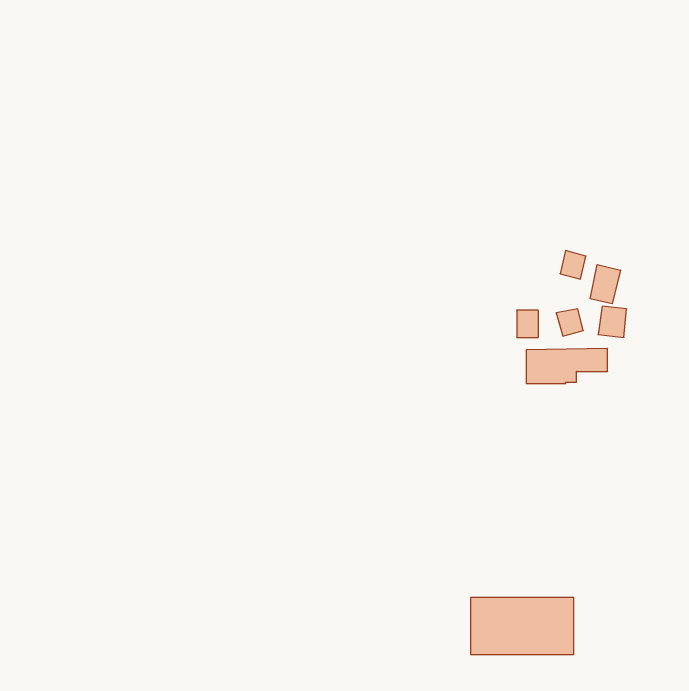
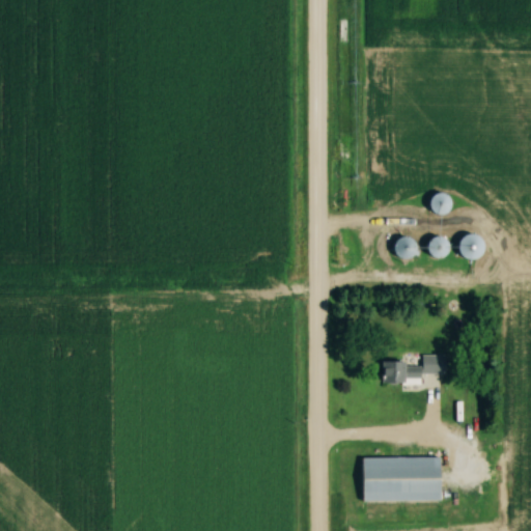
building: [590,265,620,304] -> none
building: [526,348,608,384] -> [384,357,446,384]

